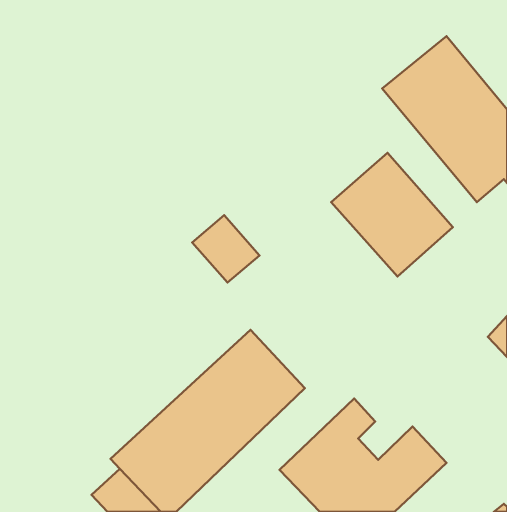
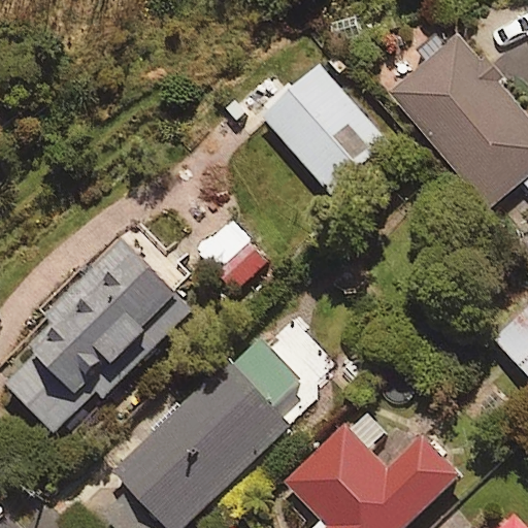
building: [331,153,453,276] -> [262,65,387,192]
building: none -> [5,231,199,432]

